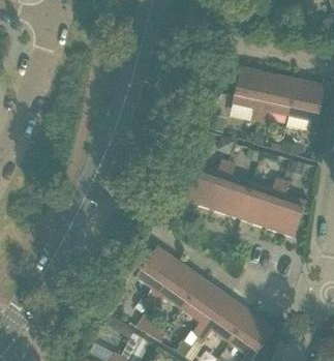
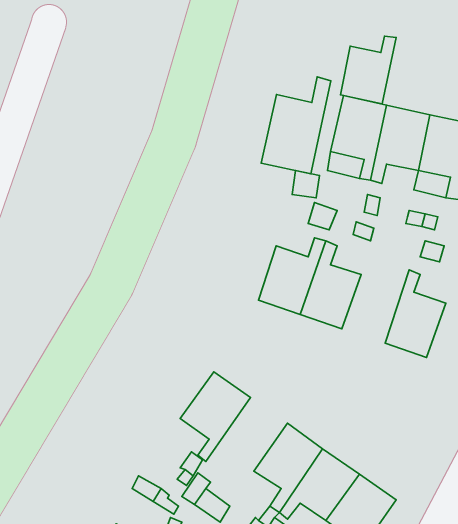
building: none -> [341,36,396,104]
building: none -> [261,77,331,174]
building: [239,177,282,227] -> none
building: [151,262,204,309] -> none

